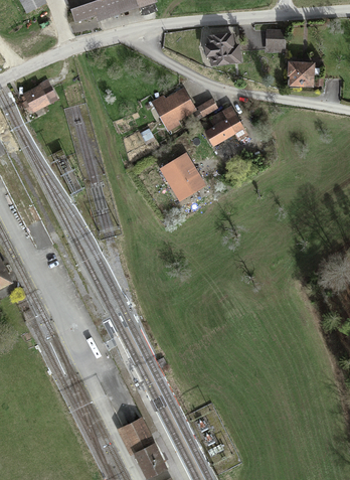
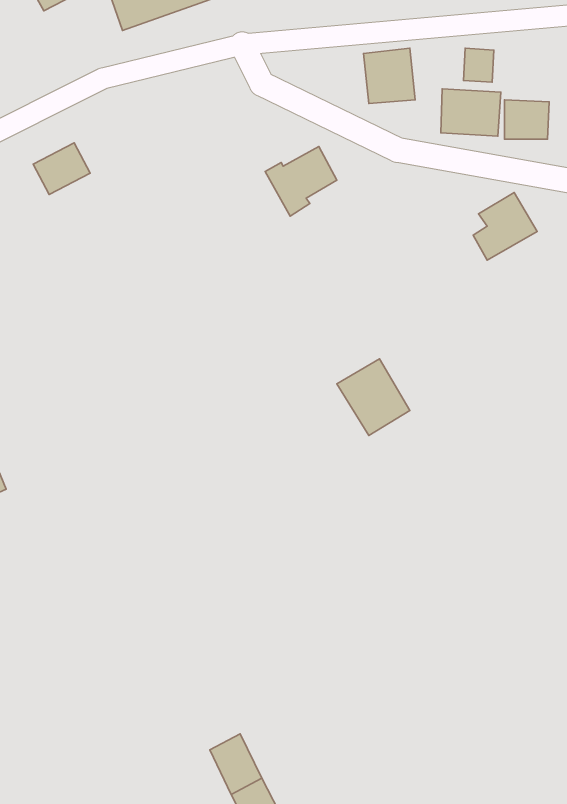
building: none -> [441,89,501,136]
building: [207,108,243,146] -> [473,192,537,260]
building: [162,155,203,198] -> [337,359,410,435]

